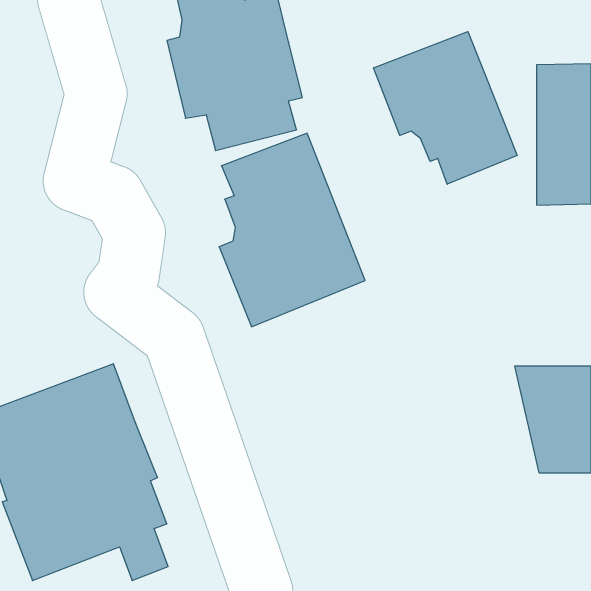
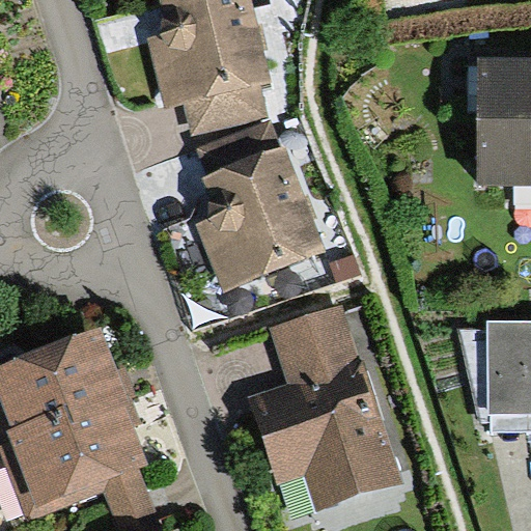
building: [374,32,517,184] -> none
building: none -> [249,304,403,511]

